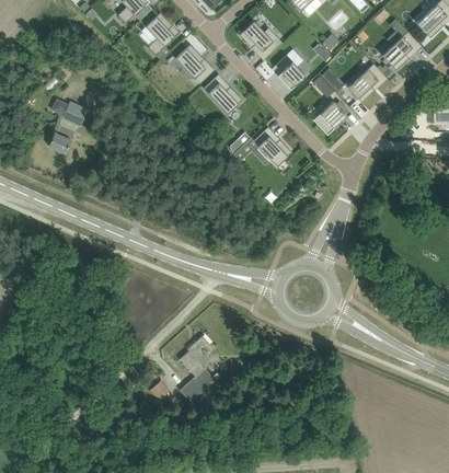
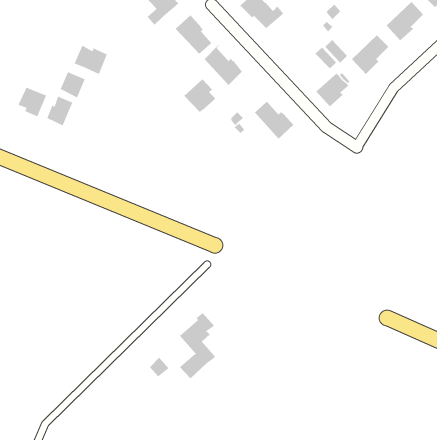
building: [270,55,304,90] -> none
building: none -> [74,45,107,75]
building: none -> [184,79,216,113]
building: none -> [18,87,47,117]

